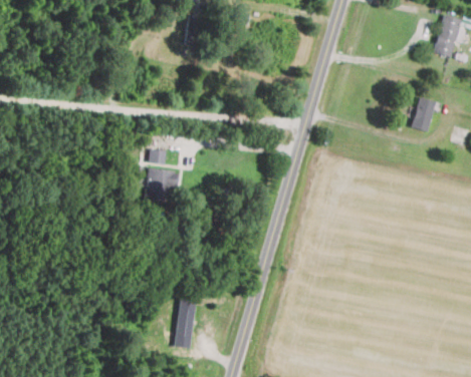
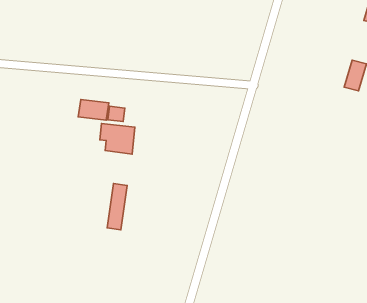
building: none -> [78,100,109,120]
building: [174,298,196,349] -> [107,184,127,230]

